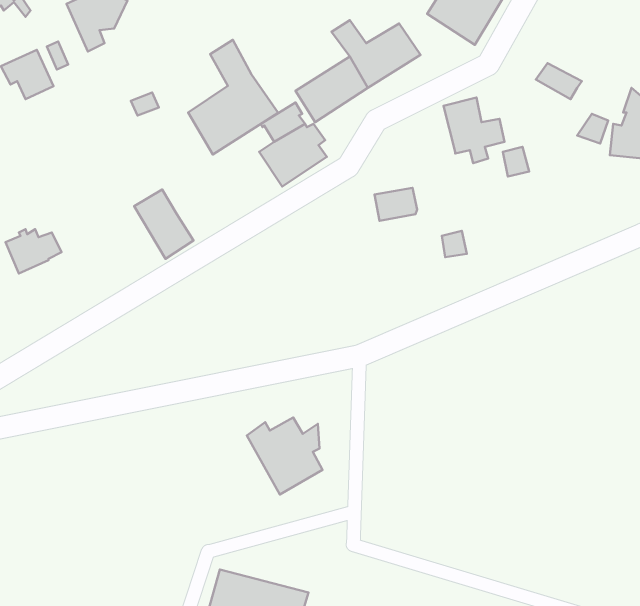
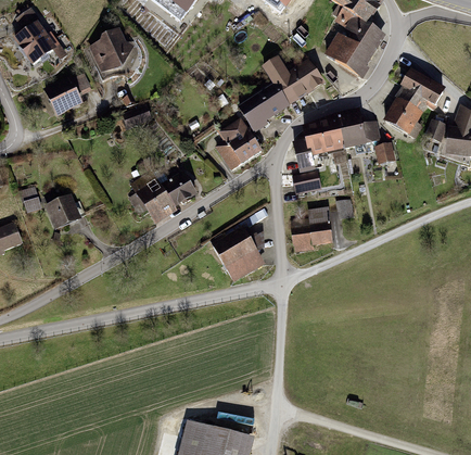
building: [188,40,278,155] -> none
building: none -> [402,73,443,109]
building: none -> [385,99,421,137]
building: none -> [294,116,345,172]
building: none -> [162,174,195,205]
building: none -> [292,210,332,250]
building: [247,417,323,495] -> [212,229,262,280]

